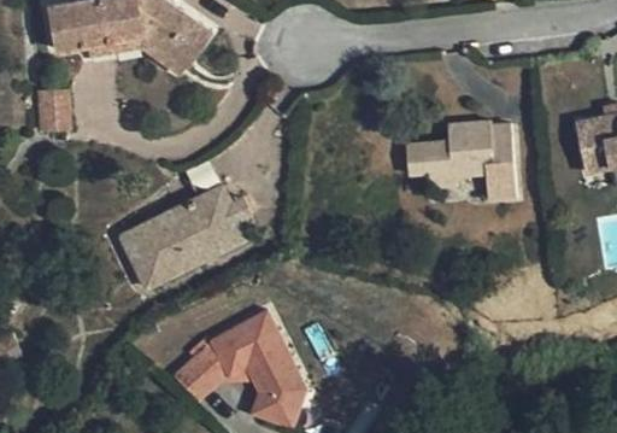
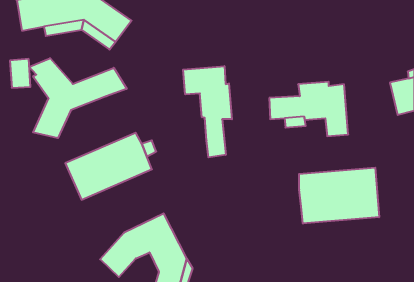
building: none -> [29,58,127,138]
building: none -> [183,66,232,157]
building: none -> [299,168,379,224]

